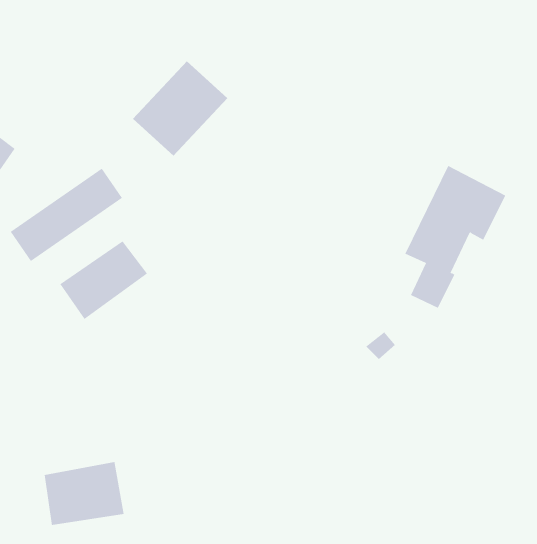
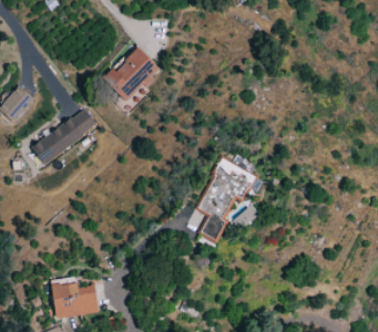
building: [404,165,506,308] -> [196,158,256,242]
building: [60,241,148,320] -> none

